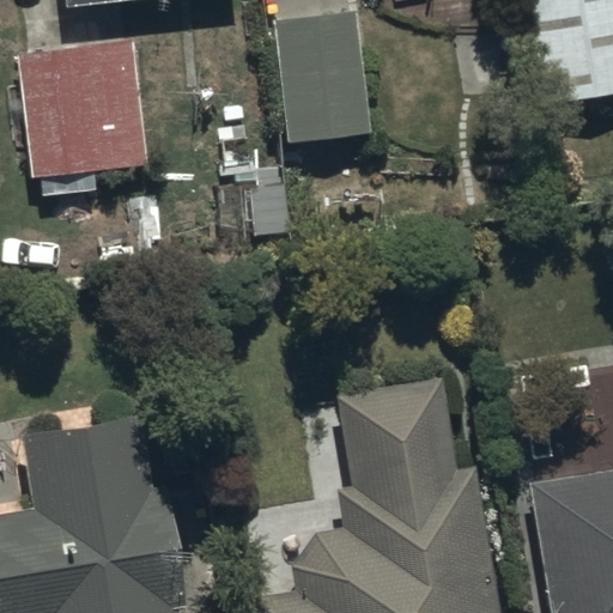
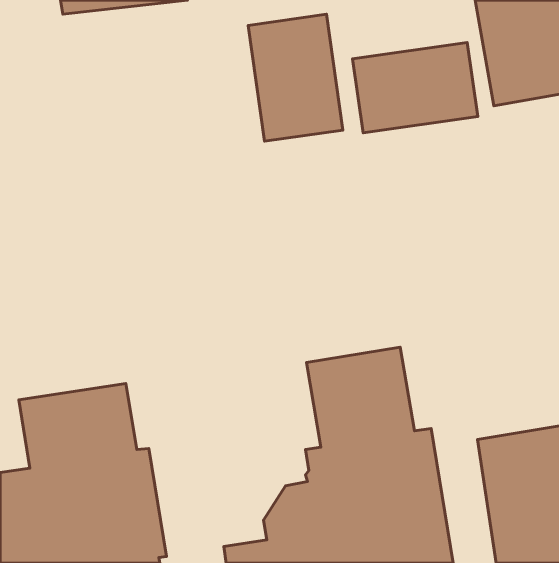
building: none -> [353,43,478,133]
building: [22,48,156,186] -> none

